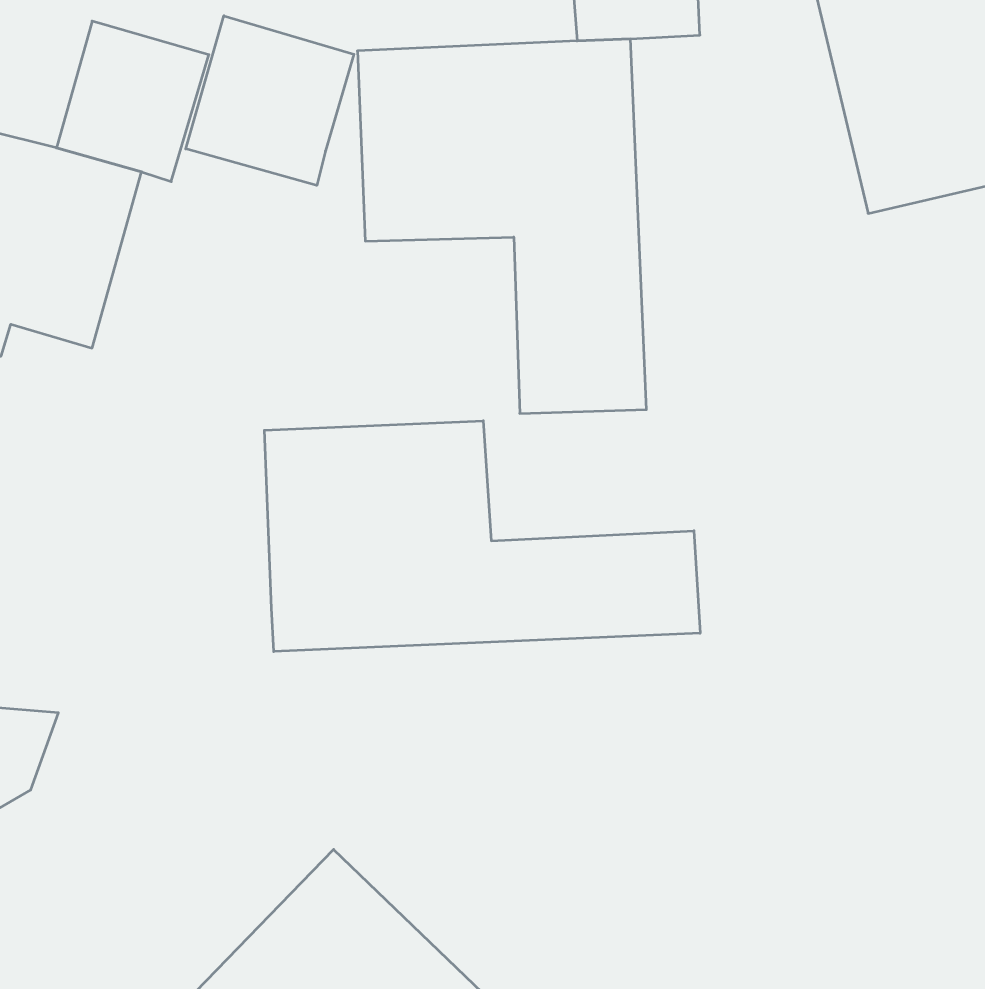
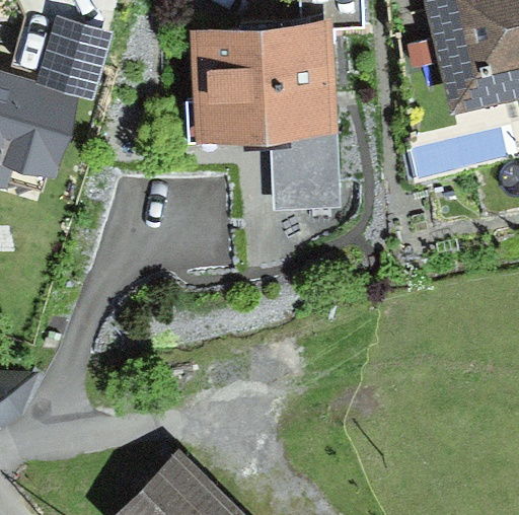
building: [186,16,354,185] -> none
building: [264,421,700,652] -> none

